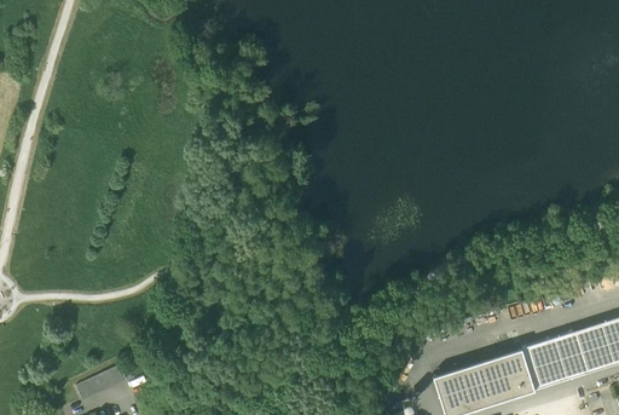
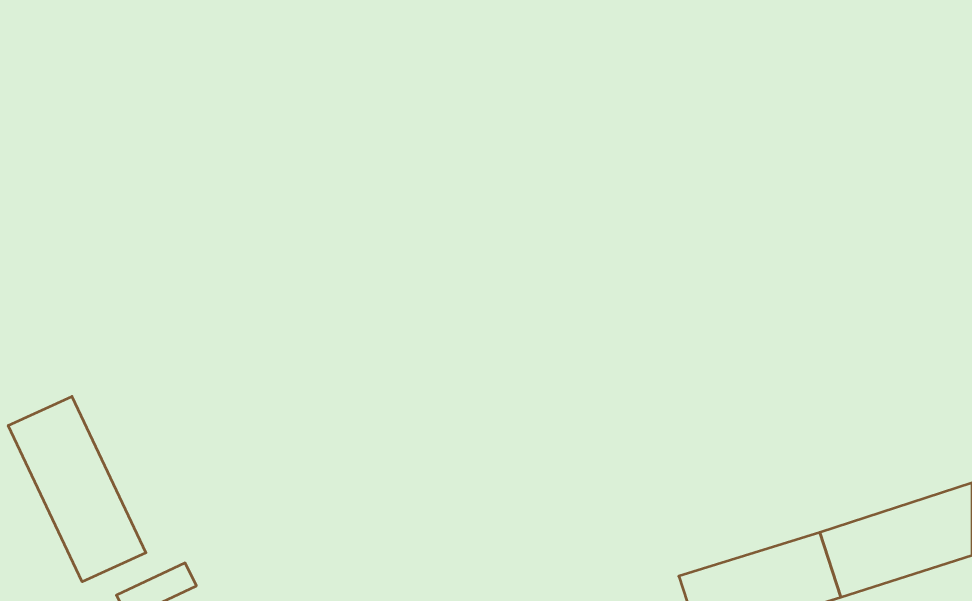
building: none -> [8,396,146,582]

